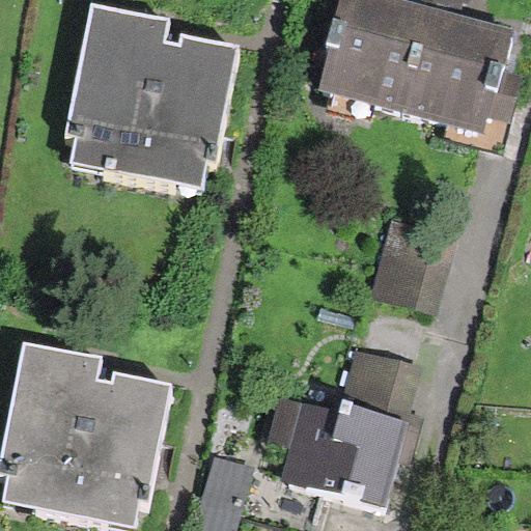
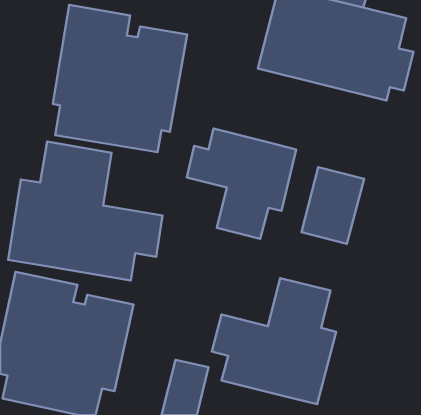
building: none -> [187,129,296,239]
building: none -> [8,142,162,281]

